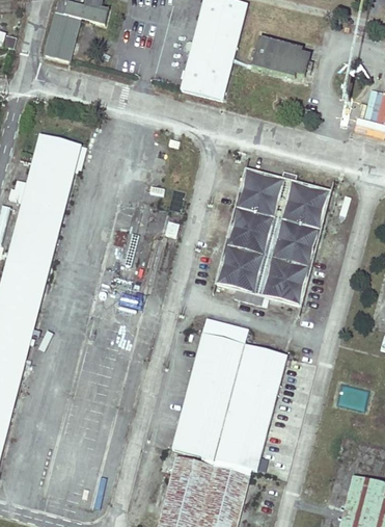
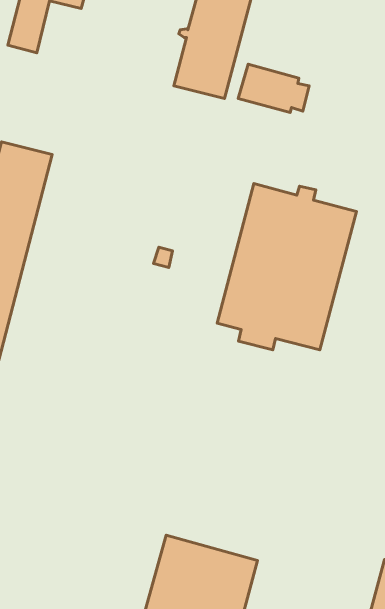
building: [252,36,310,76] -> [238,64,309,113]
building: [172,317,287,470] -> none

